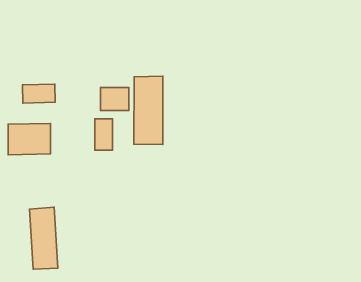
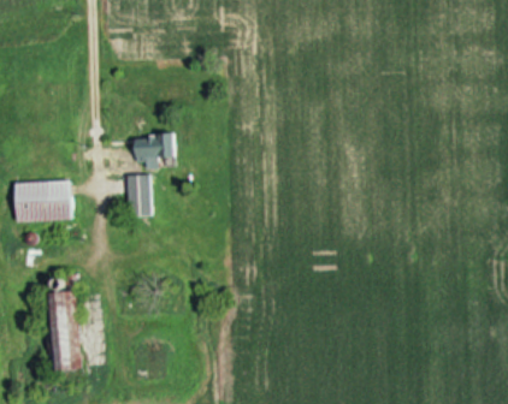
building: [134,76,163,144] -> none
building: [22,84,55,103] -> none

